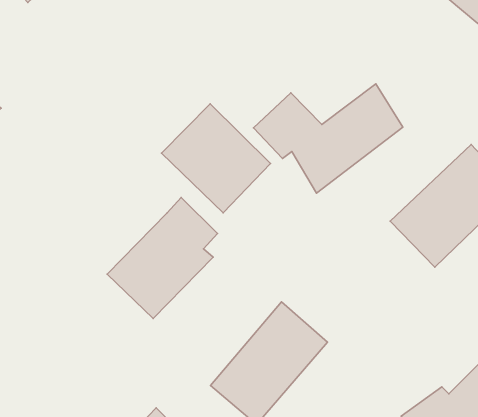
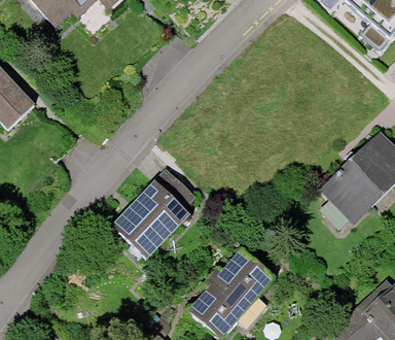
building: [254,84,403,193] -> none
building: [161,104,271,213] -> none

